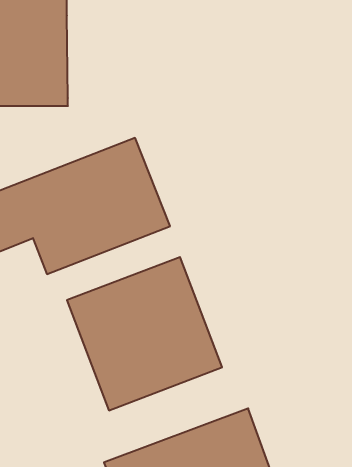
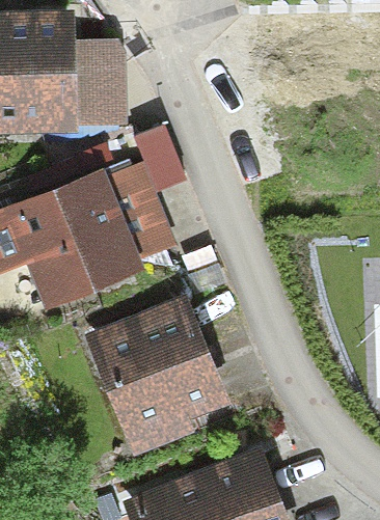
building: none -> [73,40,123,126]

